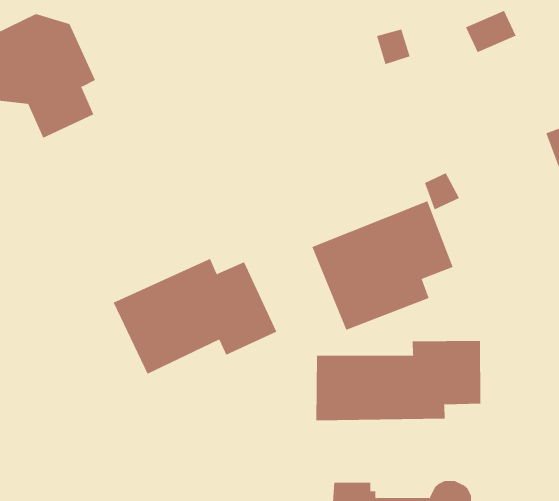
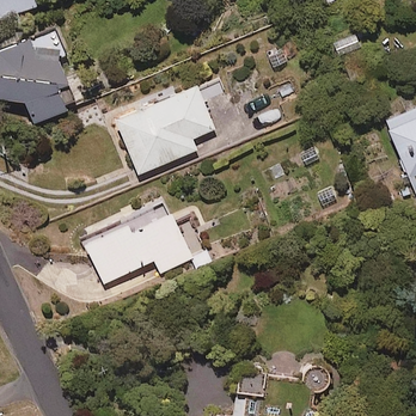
building: [311,201,453,331] -> [114,84,213,175]
building: [316,340,481,421] -> none

